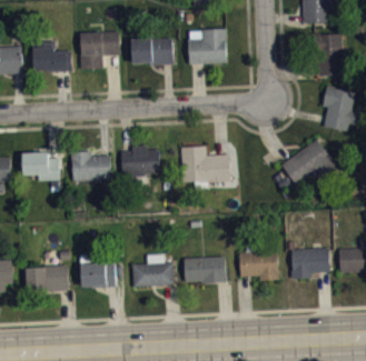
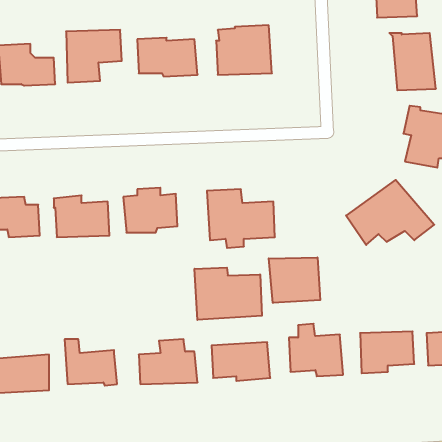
building: none -> [269,257,320,303]
building: none -> [195,268,262,320]

